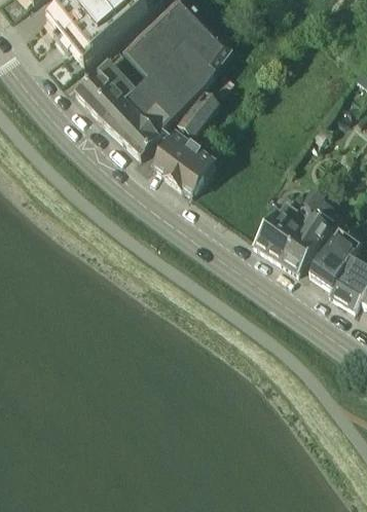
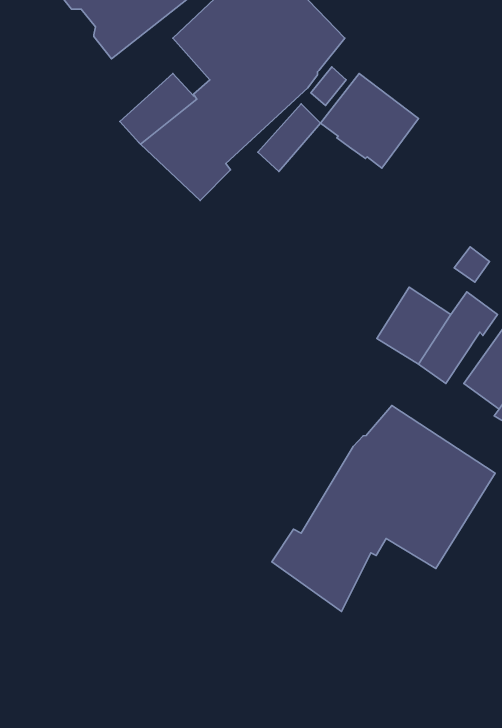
building: [76,58,123,103] -> none
building: [153,131,216,191] -> [321,73,419,168]
building: none -> [272,406,495,612]

